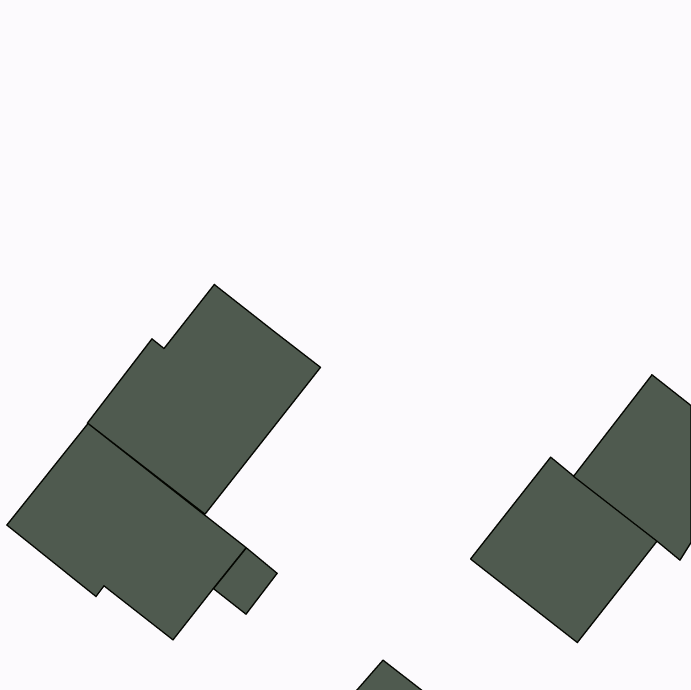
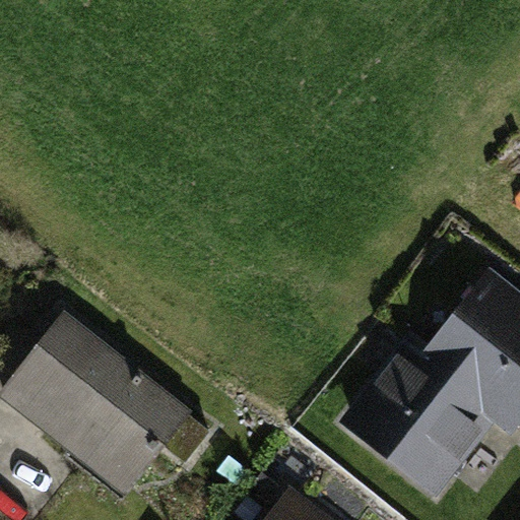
building: [87,284,320,514] -> none

